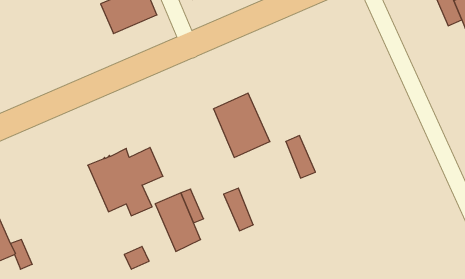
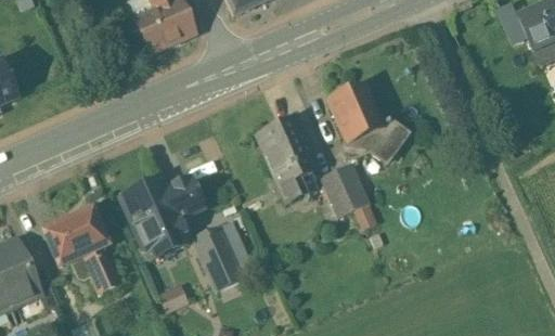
building: none -> [328,82,410,163]
building: none -> [42,208,117,290]
building: [224,188,253,231] -> [319,169,351,216]

